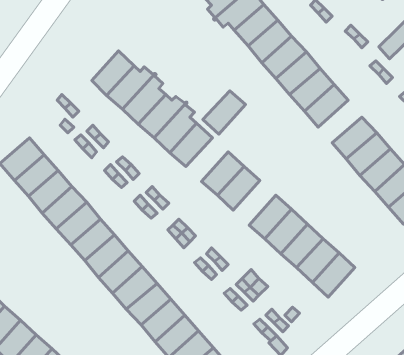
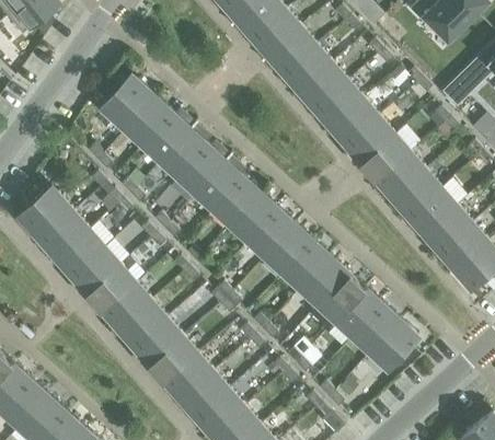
building: none -> [106,80,154,129]
building: [203,91,246,134] -> [229,193,276,241]
building: none -> [376,151,424,198]
building: none -> [281,240,329,289]

